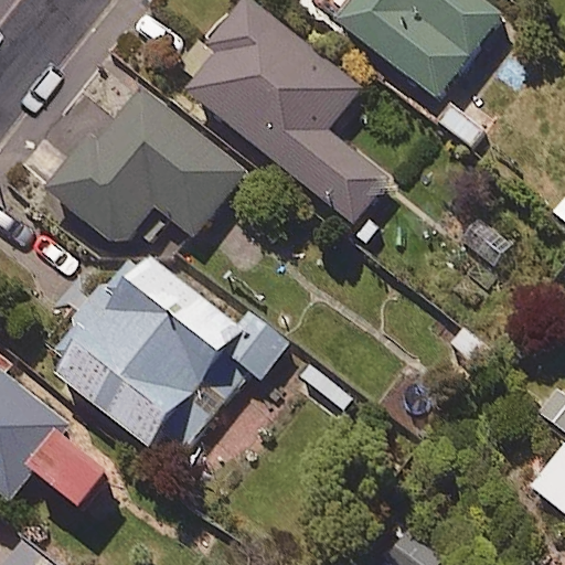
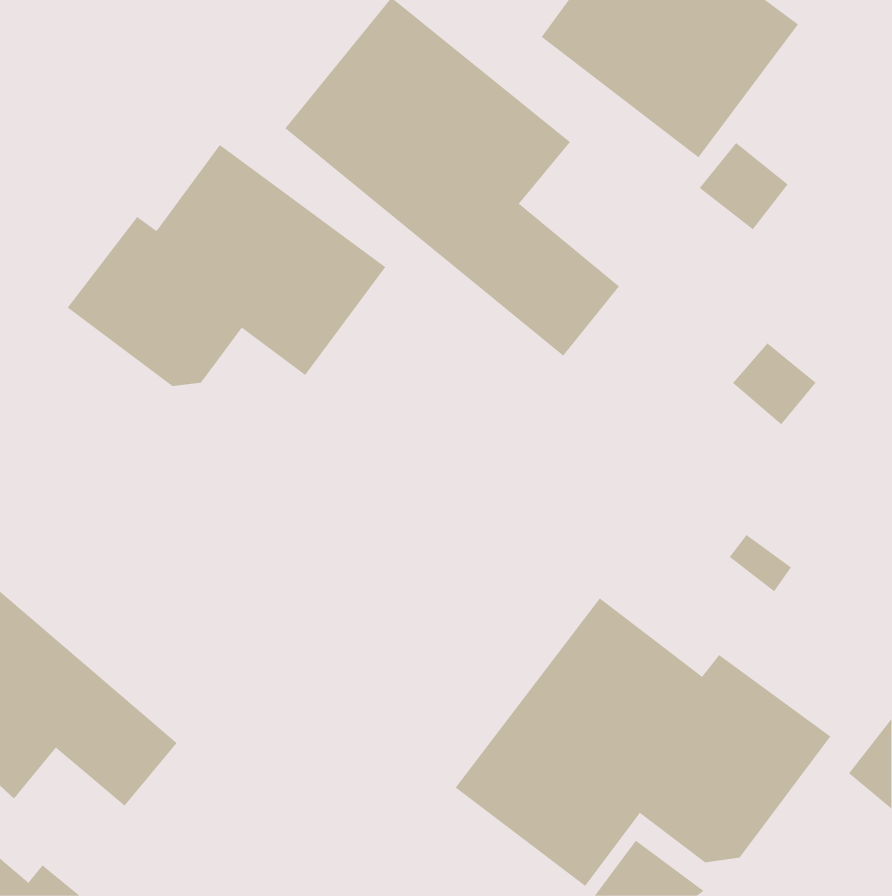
building: [57,248,294,447] -> none
building: none -> [455,598,831,887]

